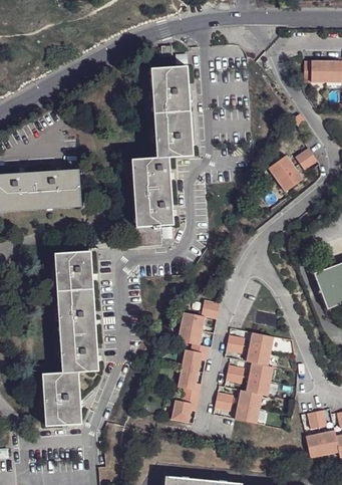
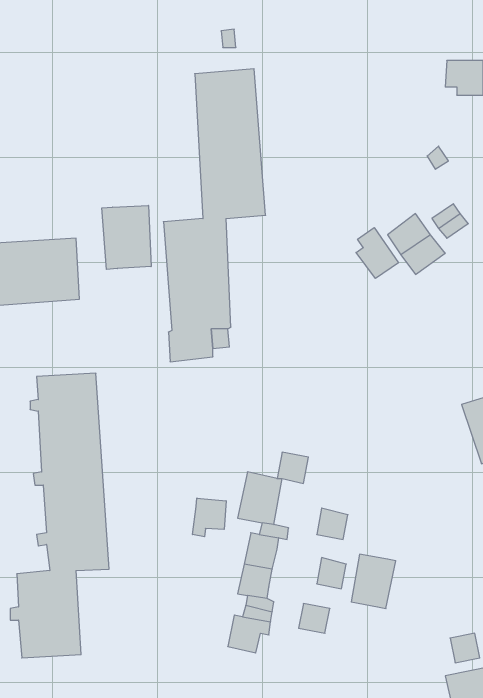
building: none -> [102,205,151,269]
building: none -> [356,228,398,278]
building: none -> [193,498,226,537]
building: [247,332,274,366] -> none
building: [235,390,263,424] -> none

